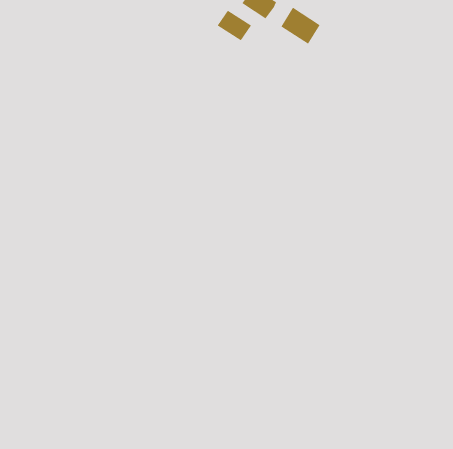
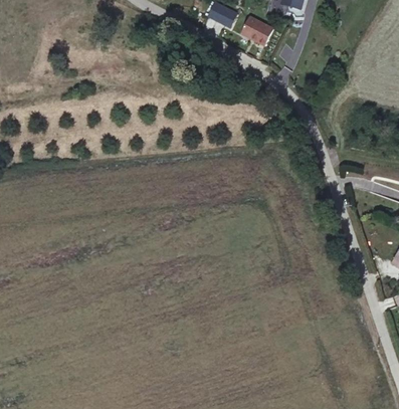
building: [217,10,252,41] -> none

